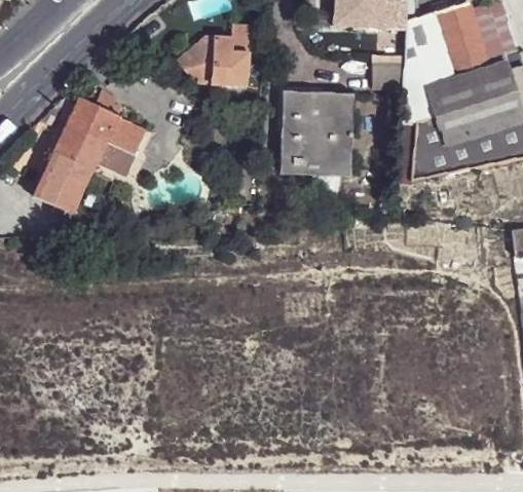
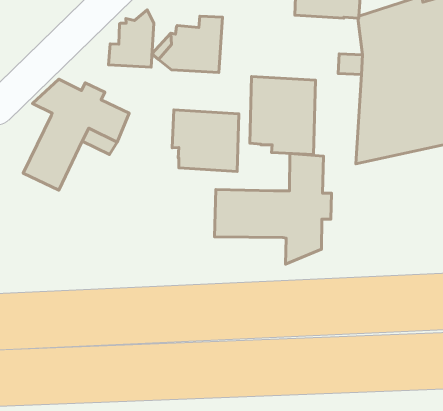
building: none -> [109,10,154,67]
building: none -> [172,110,239,171]
building: none -> [215,153,331,264]

